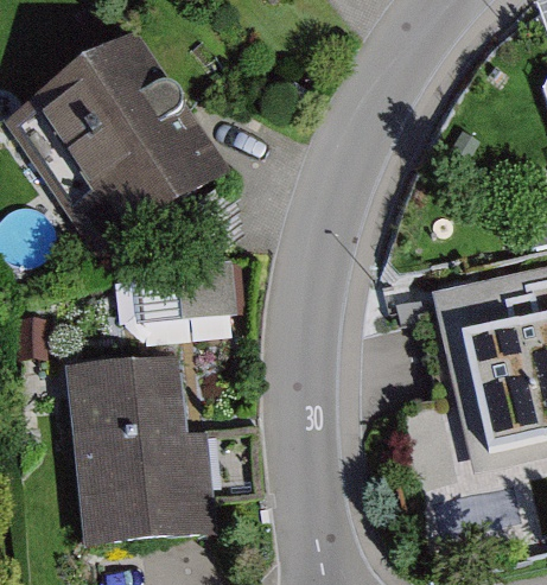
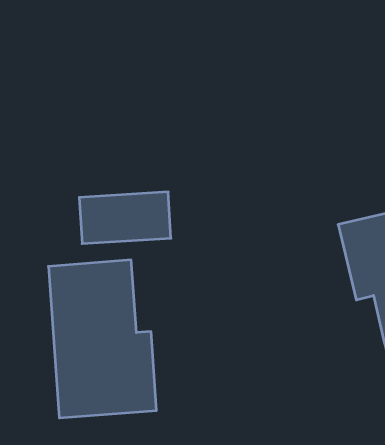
building: [24,27,224,236] -> none

